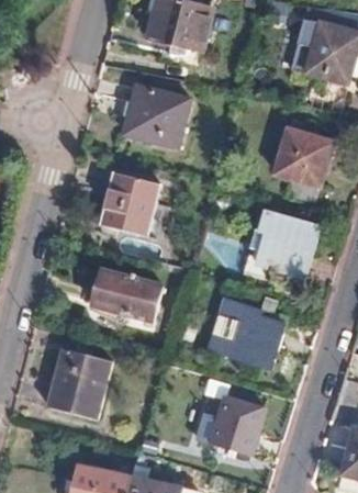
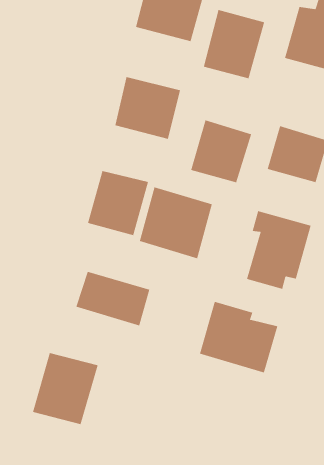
building: none -> [203,9,265,79]
building: none -> [190,120,252,183]
building: none -> [139,186,213,259]
building: [213,392,266,450] -> none

